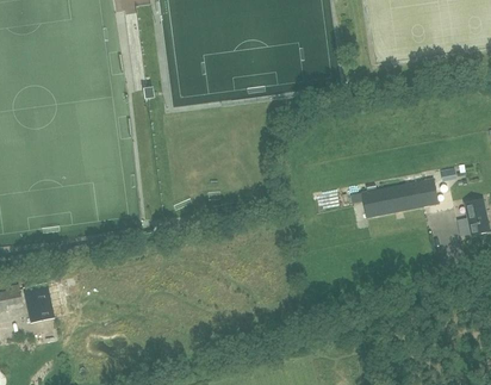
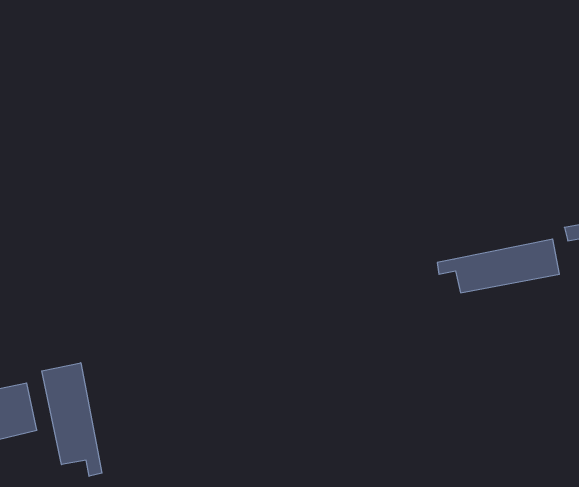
building: none -> [42,363,102,476]

